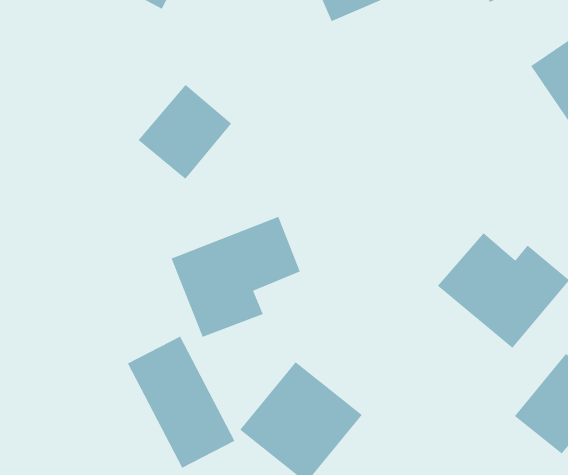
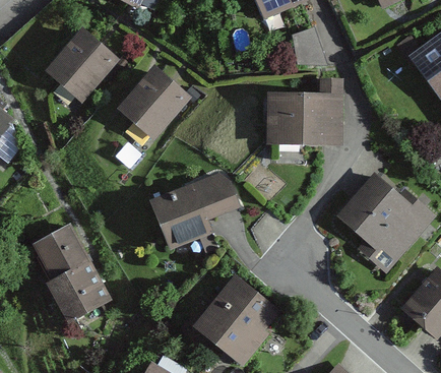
building: none -> [47,29,118,102]
building: none -> [265,78,343,146]
building: [127,336,235,469] -> [33,226,113,324]

